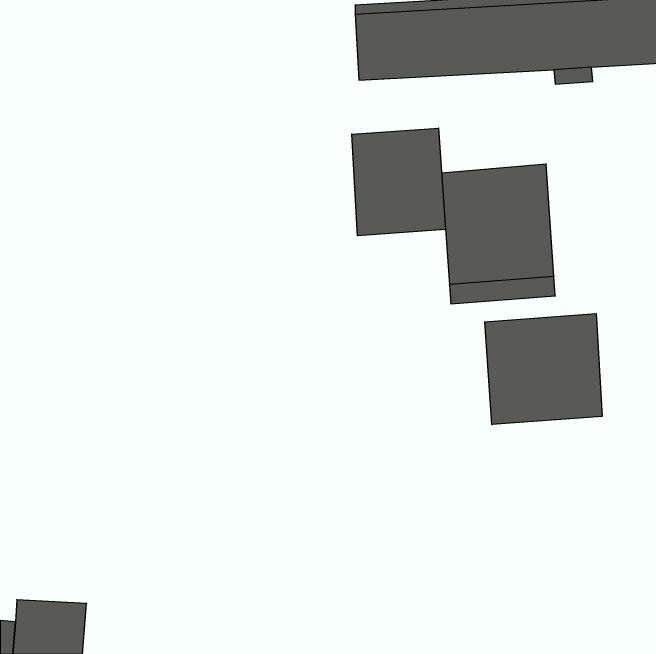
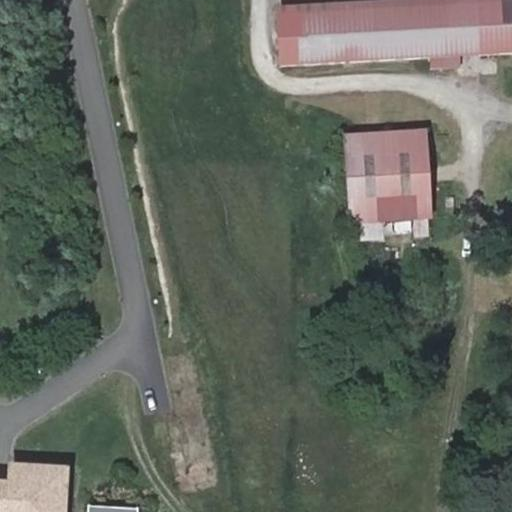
building: [352,128,445,236] -> none
building: [485,314,602,425] -> none

